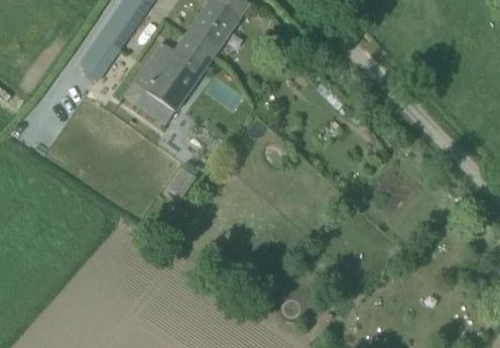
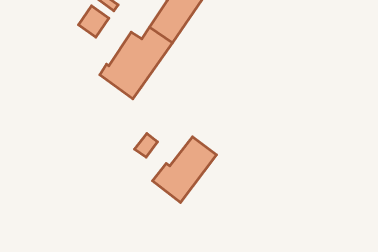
building: [80,32,120,81] -> none
building: none -> [153,137,217,202]

